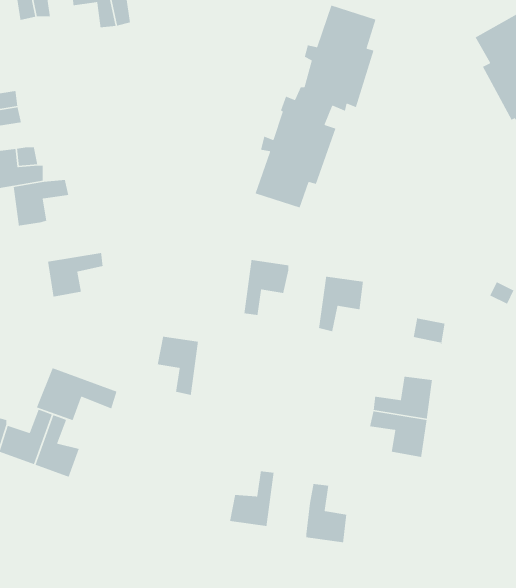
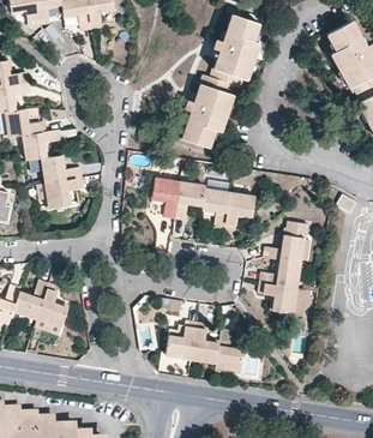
building: none -> [42,155,82,184]
building: none -> [201,190,229,228]
building: [157,336,199,396] -> [152,179,180,218]
building: none -> [264,234,305,262]
building: [36,367,117,421] -> none
building: none -> [191,323,218,364]

